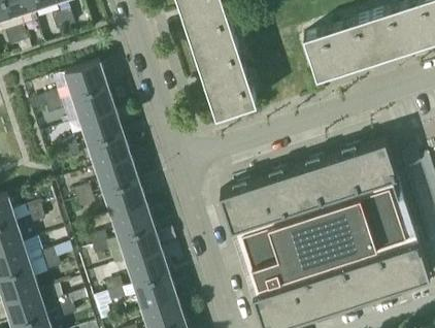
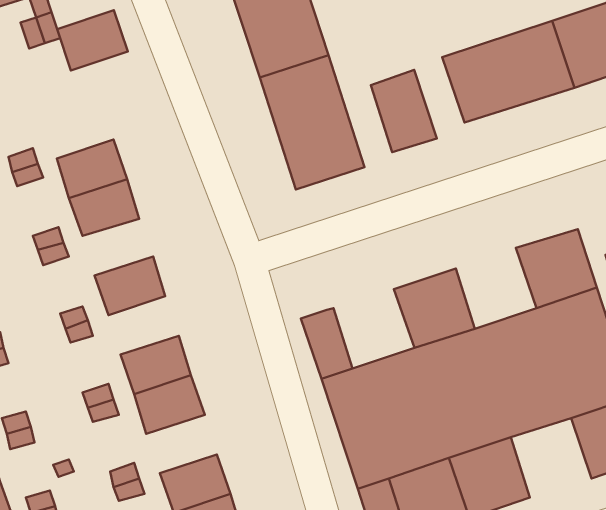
building: none -> [371,70,437,152]
building: [64,64,106,100] -> [57,10,128,70]
building: [88,136,130,170] -> none
building: [311,154,360,202] -> none
building: [238,178,287,226] -> none
building: [103,183,145,218] -> none
building: [126,254,168,289] -> none
building: [344,256,393,303] -> none

